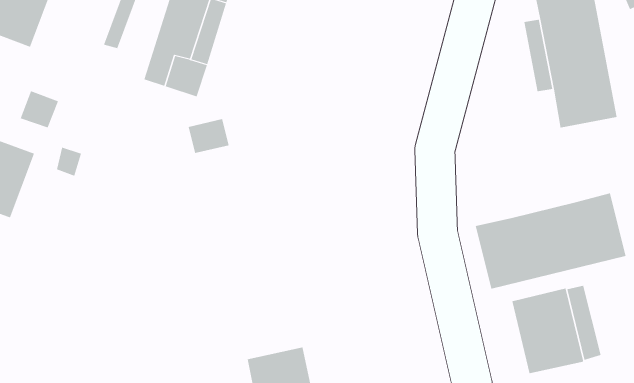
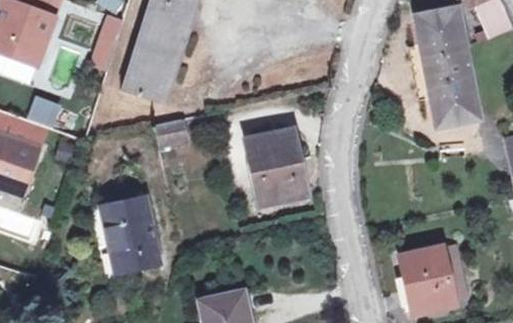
building: none -> [247,130,307,201]
building: [475,192,626,290] -> none
building: none -> [101,195,161,272]

